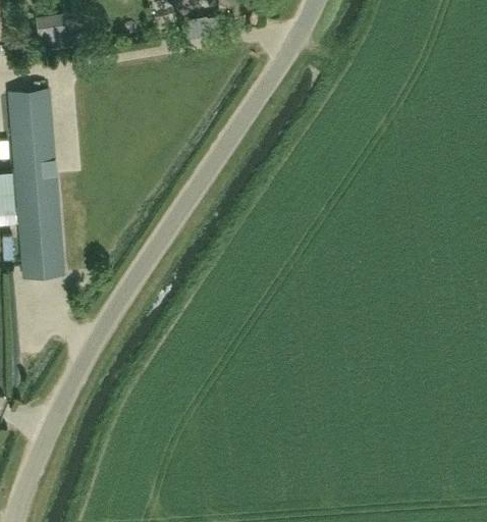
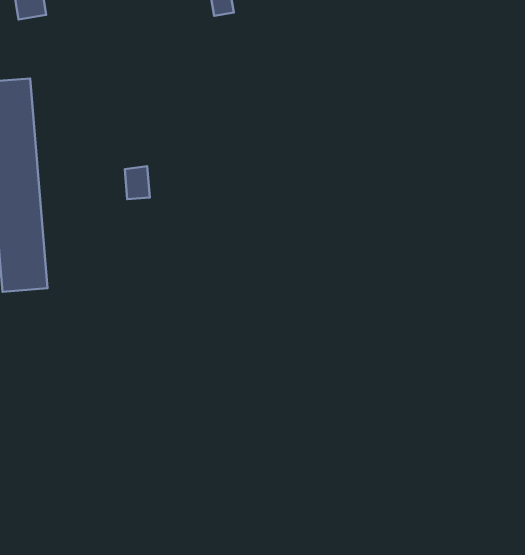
building: none -> [125,166,150,199]

